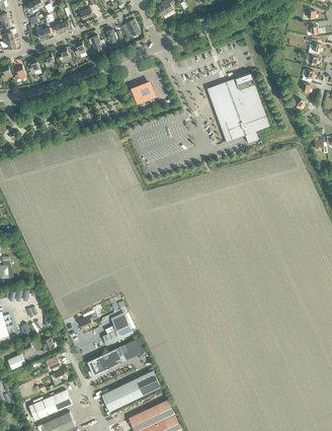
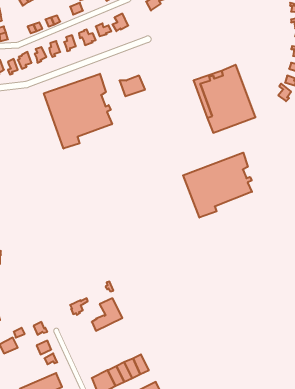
building: none -> [44,74,112,149]
building: none -> [183,153,252,218]
building: [87,340,140,375] -> none

